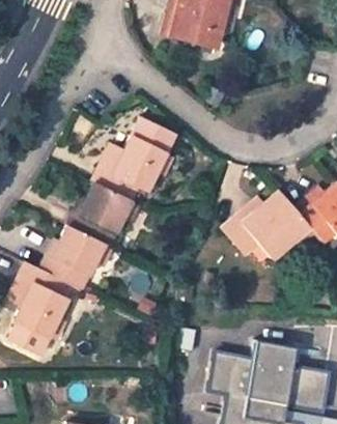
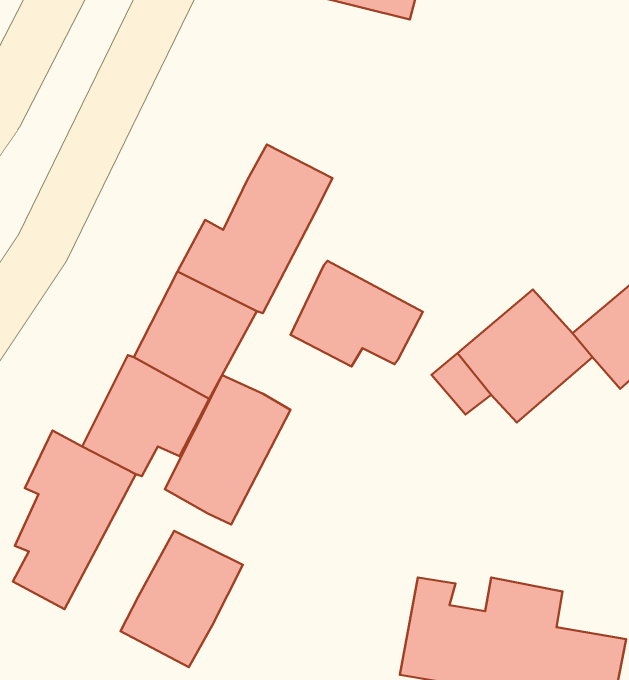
building: none -> [291,261,423,367]
building: none -> [165,375,291,525]
building: none -> [121,531,243,667]

